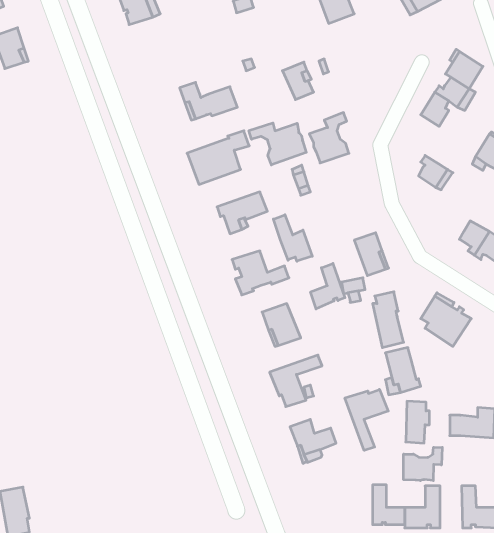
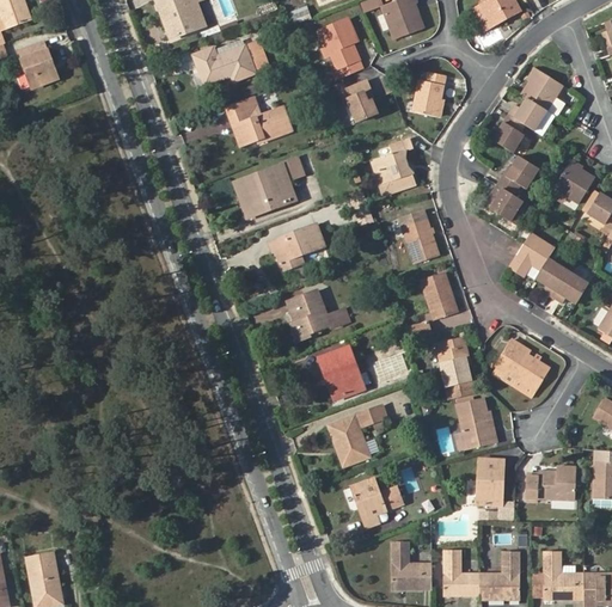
building: none -> [317,18,361,80]
building: none -> [192,43,267,86]
building: none -> [411,72,443,116]
building: [249,123,306,165] -> none
building: none -> [500,155,540,194]
building: none -> [403,217,440,262]
building: none -> [510,231,557,275]
building: [273,215,312,261] -> none
building: [311,263,345,309] -> none
building: [345,389,388,450] -> none
building: [404,447,442,481] -> none
building: none -> [387,541,428,589]

